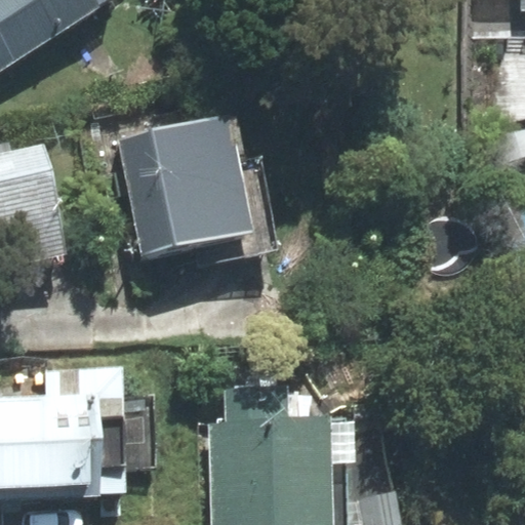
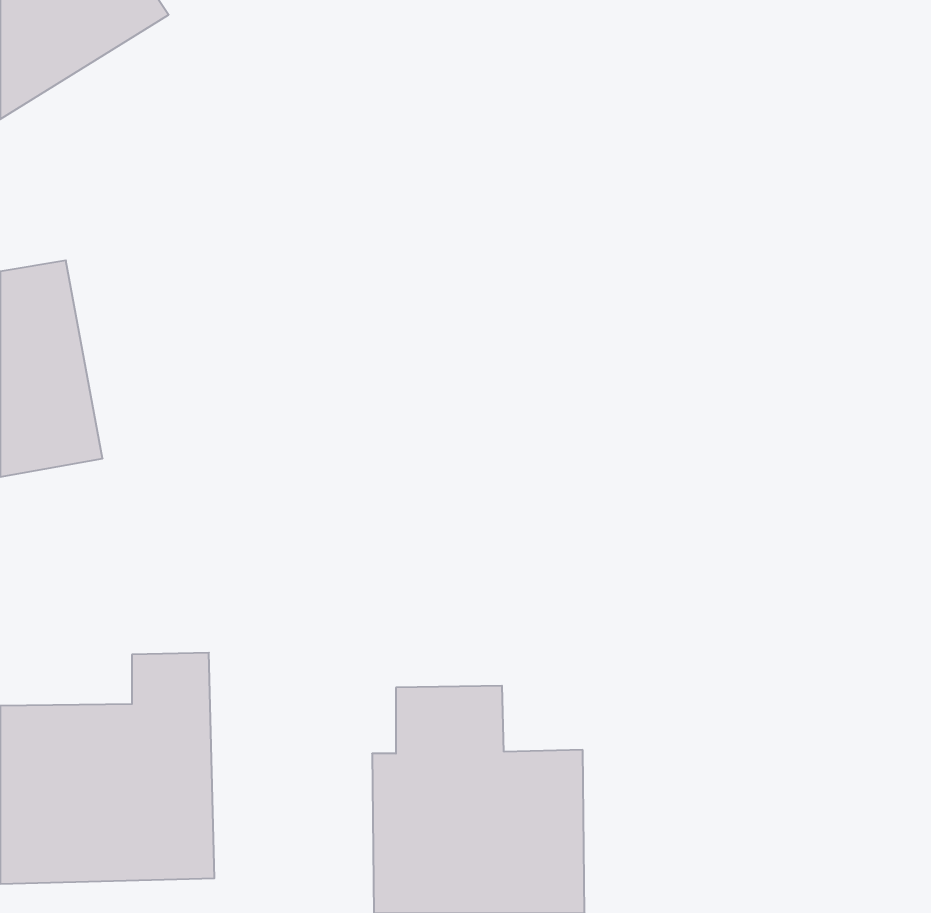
building: [118,117,248,254] -> none

